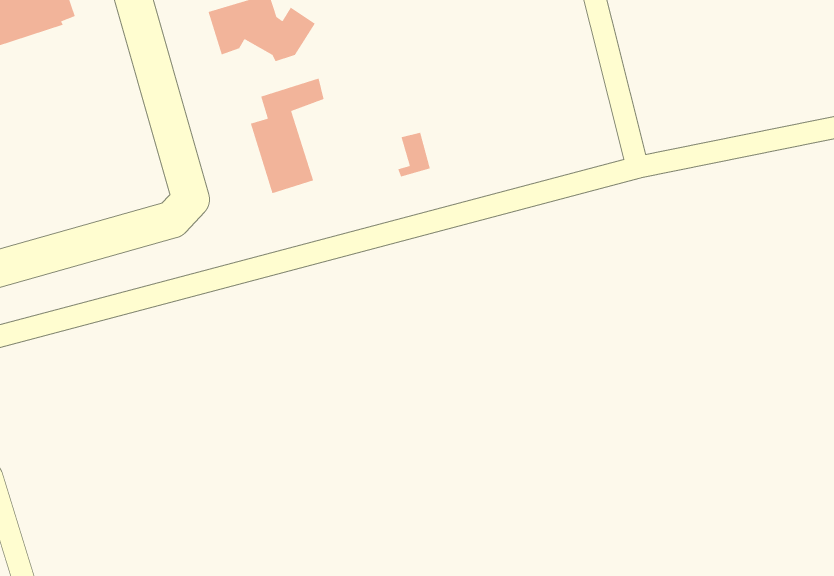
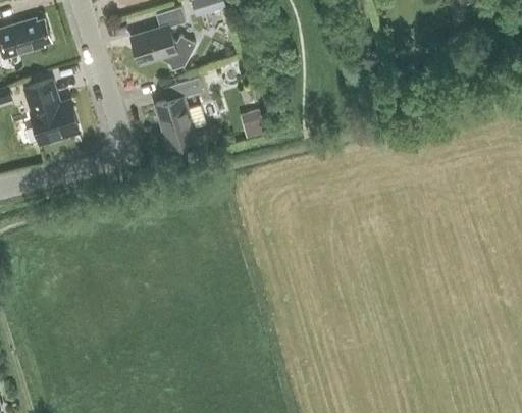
building: none -> [24,81,77,144]

